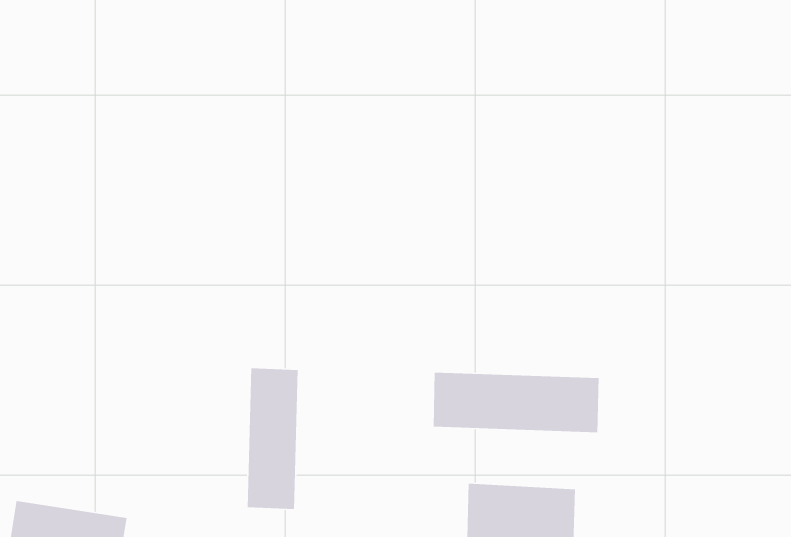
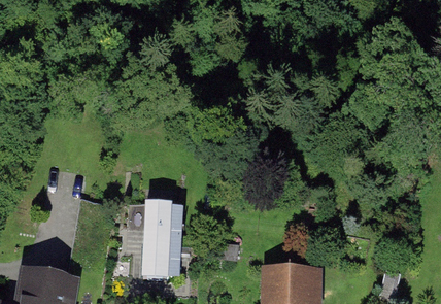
building: [433,372,600,433] -> none

